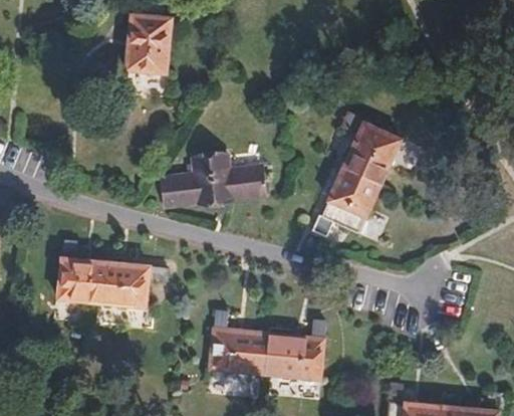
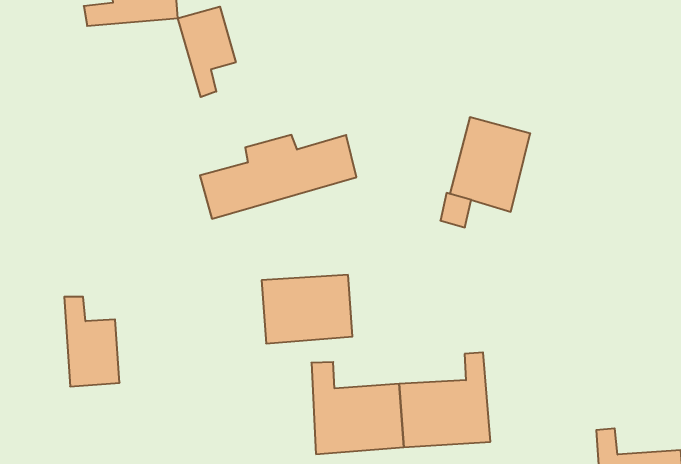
building: none -> [178,7,236,97]
building: [343,114,402,186] -> none
building: [89,260,150,306] -> [262,275,352,343]

